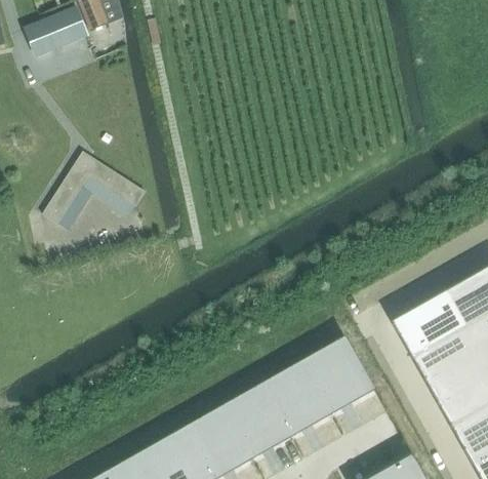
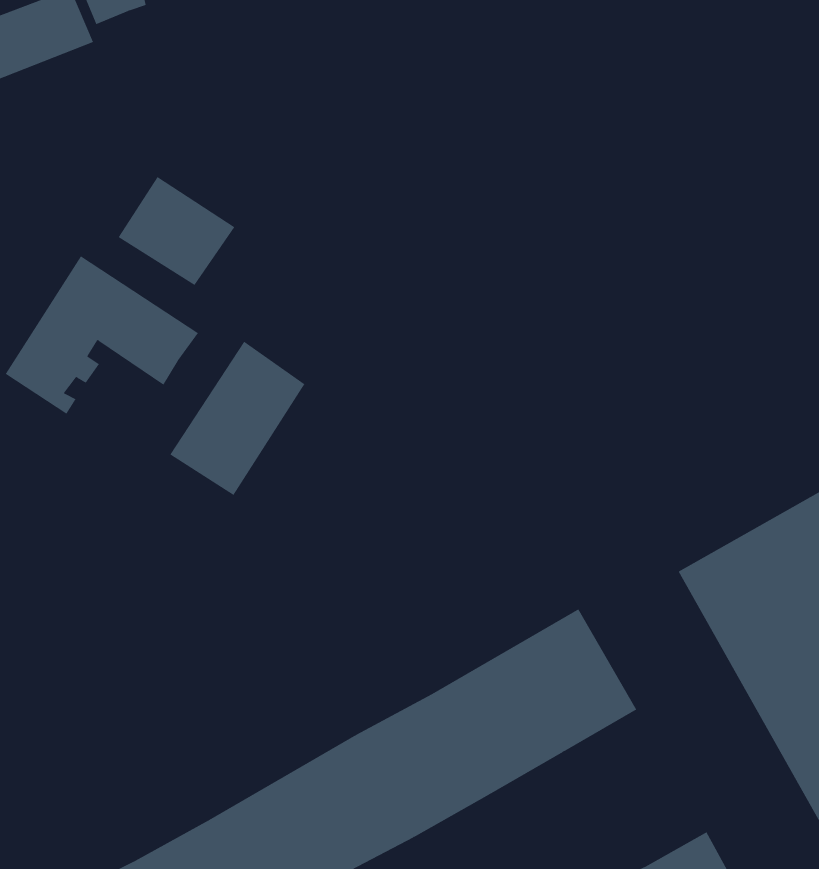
building: none -> [118,176,235,286]
building: none -> [169,341,305,496]

